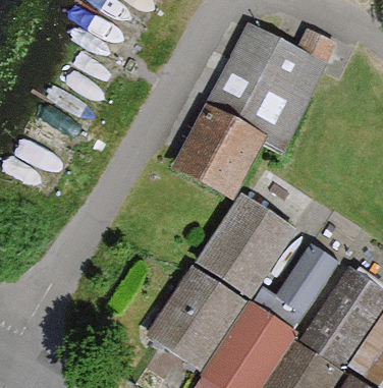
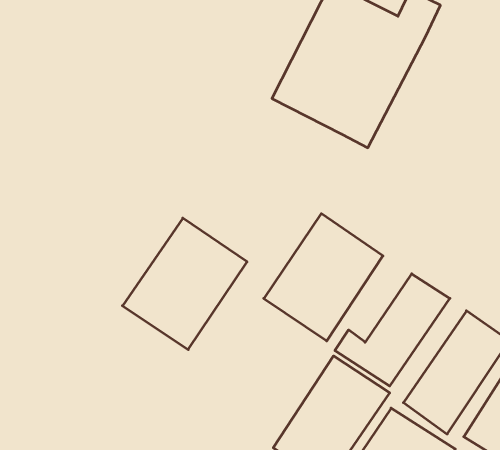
building: [177,113,258,193] -> none
building: [150,269,242,367] -> [122,218,247,350]

